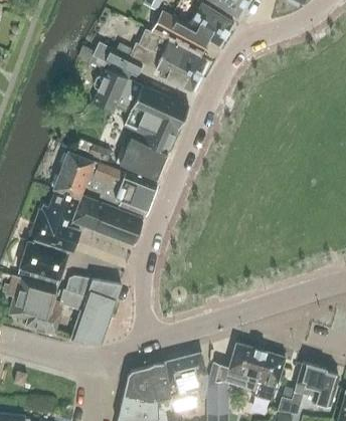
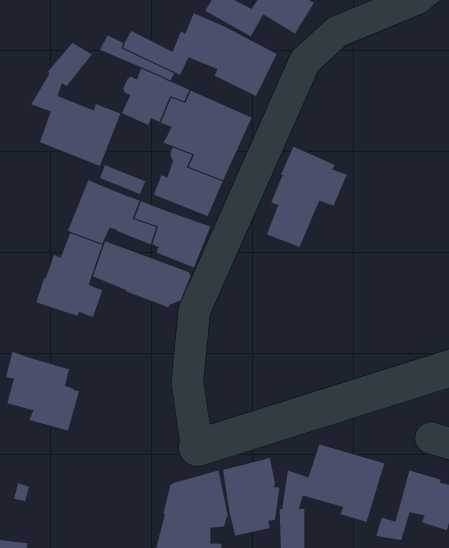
building: none -> [31,42,121,167]
building: none -> [266,146,347,248]
building: [18,240,68,288] -> none
building: [59,275,121,344] -> none

